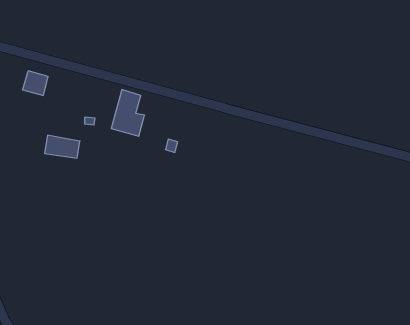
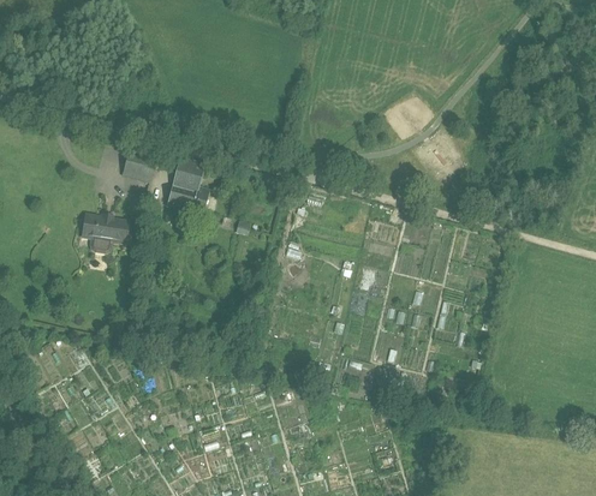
building: [22,71,48,95] -> [123,150,155,181]

